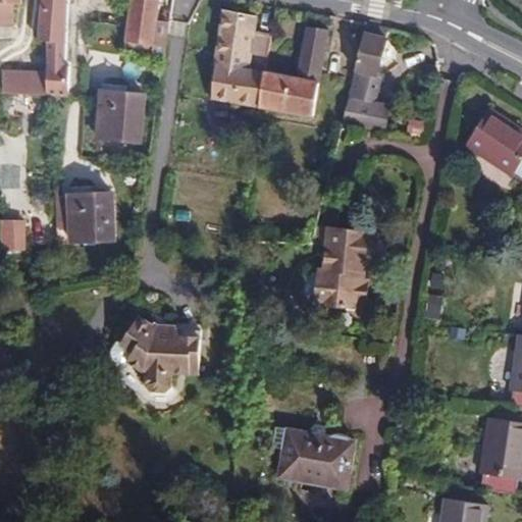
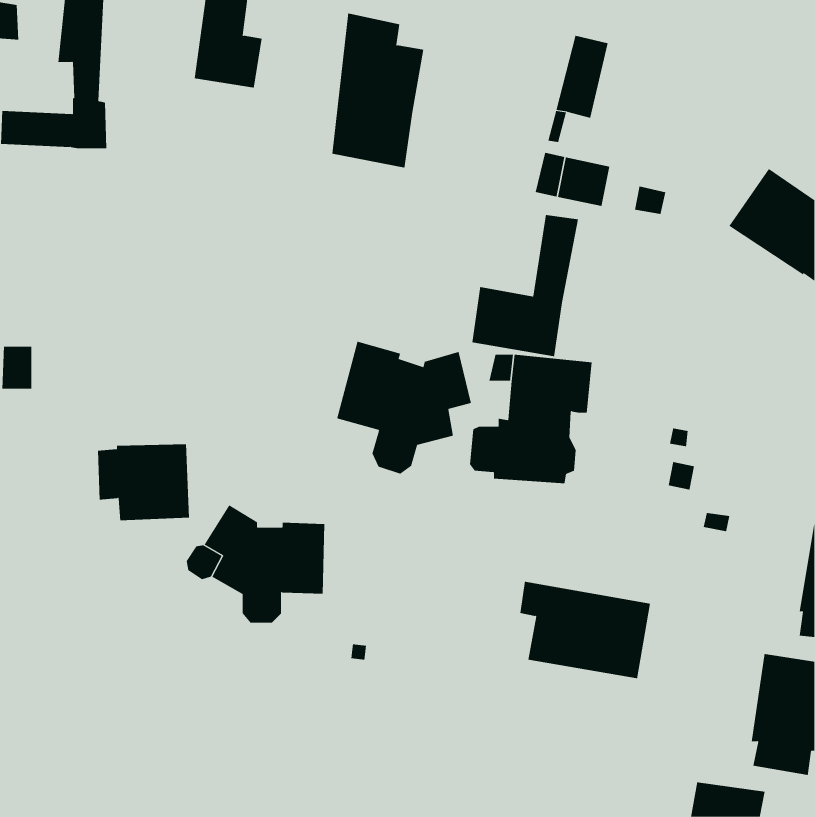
building: [258,25,326,116] -> [472,214,579,357]
building: [95,90,145,141] -> none
building: [55,193,114,242] -> [97,444,190,521]
building: none -> [337,341,471,474]
building: [271,426,355,488] -> [519,581,651,679]

